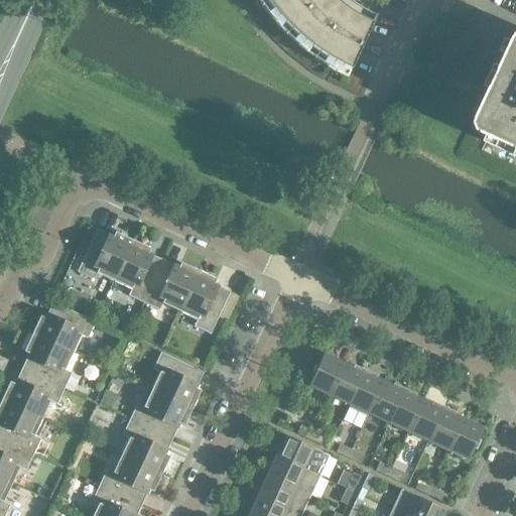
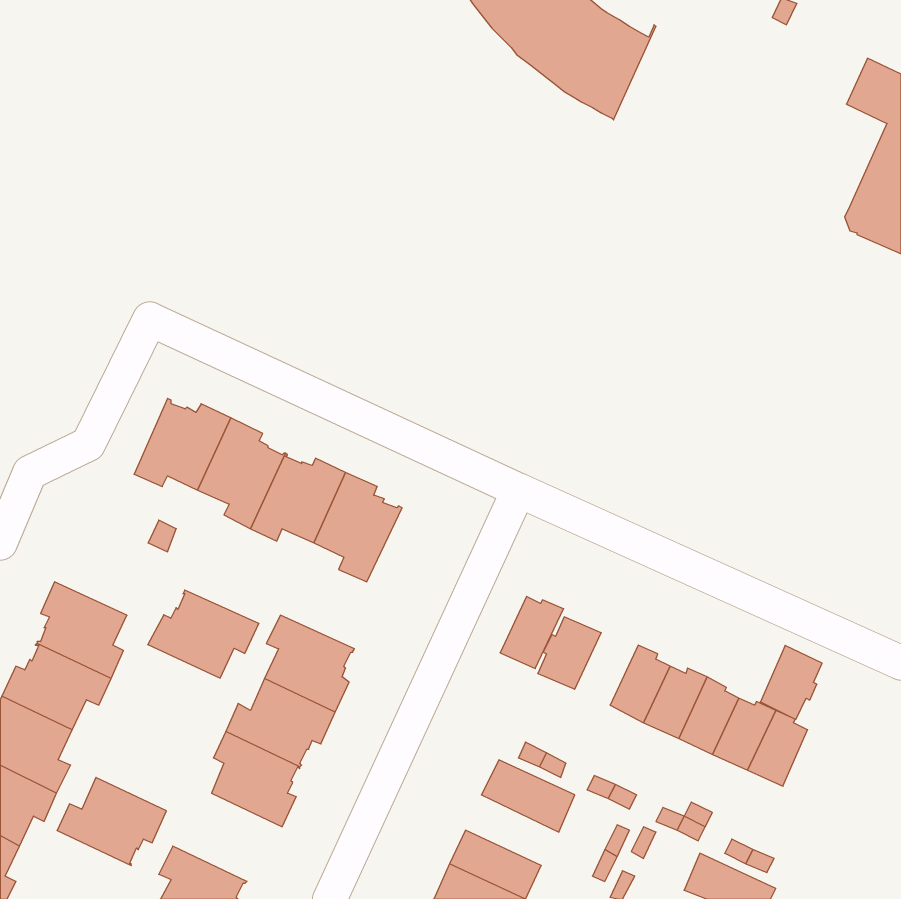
building: [31,301,95,352] -> [148,590,259,678]
building: [329,362,365,403] -> [500,596,564,669]
building: [447,417,483,460] -> [760,645,822,719]
building: [99,454,161,504] -> [57,777,166,866]
building: [266,455,319,495] -> none

